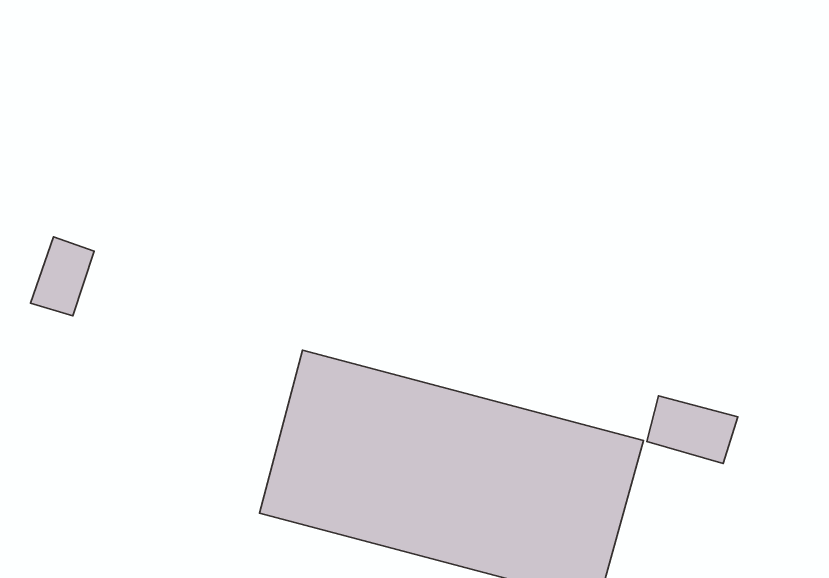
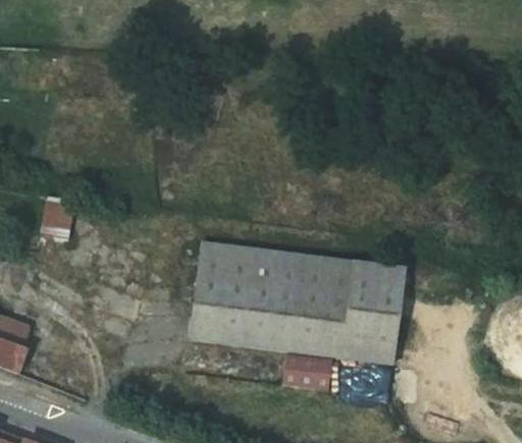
building: [647,396,738,463] -> none

